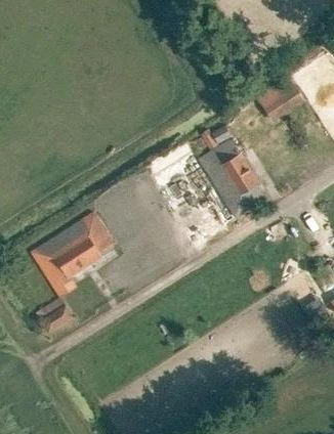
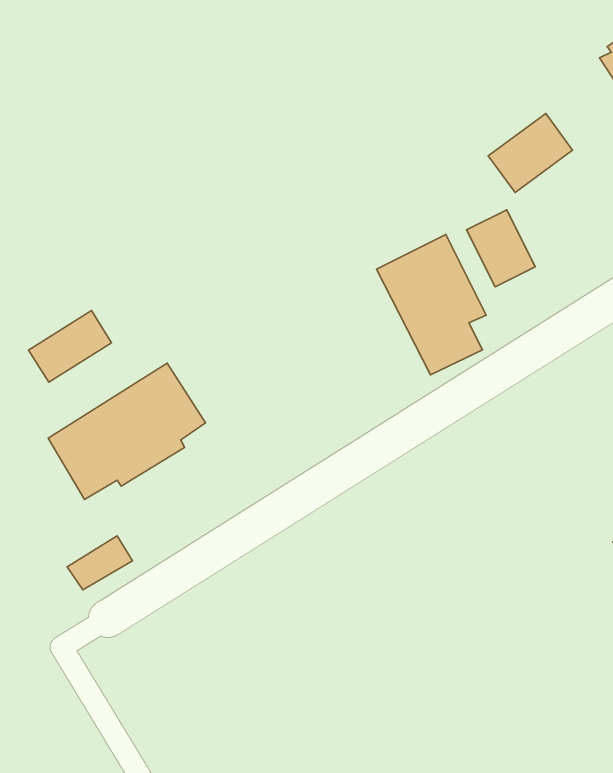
building: none -> [466,210,535,287]
building: none -> [29,311,112,382]

